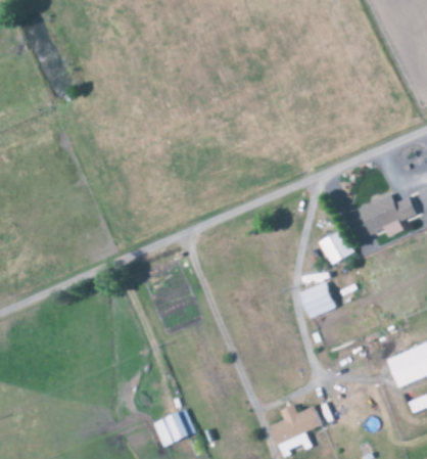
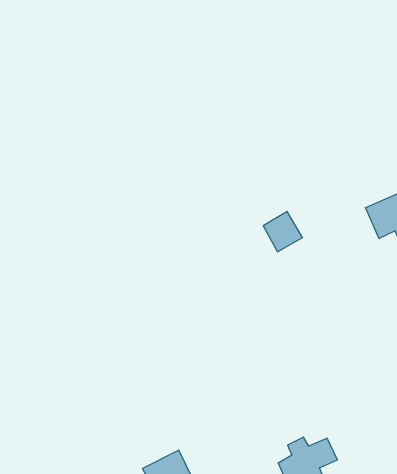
building: [319,229,352,264] -> [263,211,303,252]
building: [298,281,336,318] -> none

